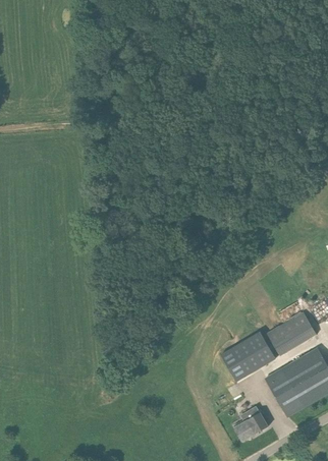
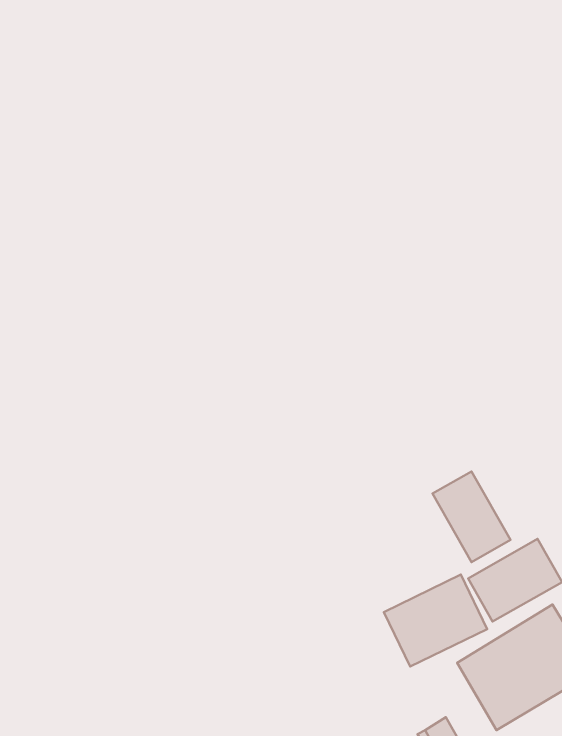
building: none -> [433,471,510,562]

